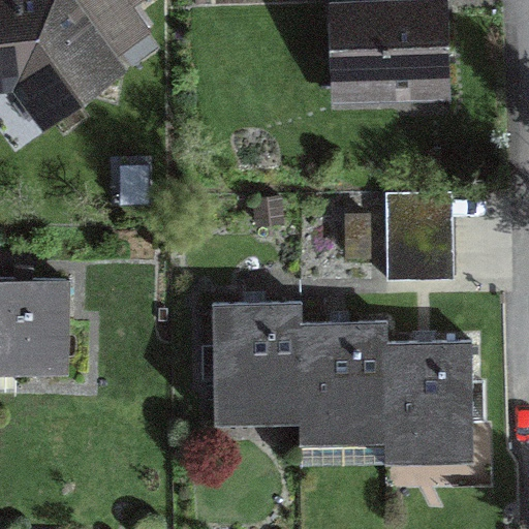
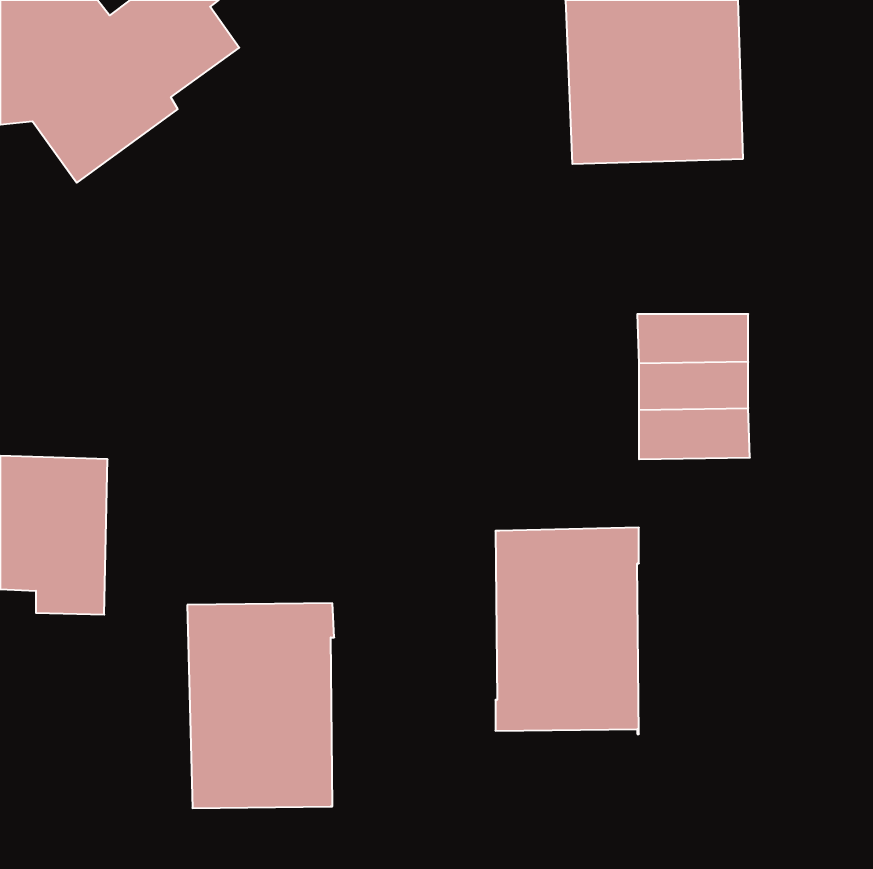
building: [213,303,302,427] -> [187,603,334,808]
building: [385,341,473,464] -> none

